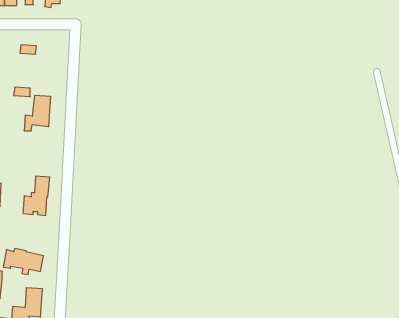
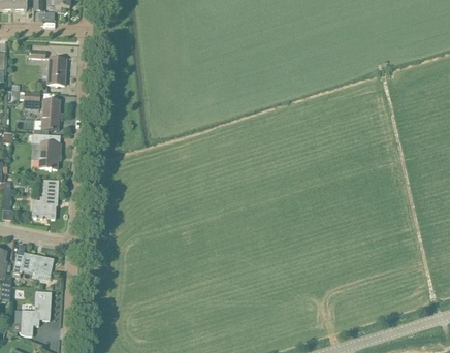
building: none -> [46,57,66,84]
building: none -> [31,133,61,167]

